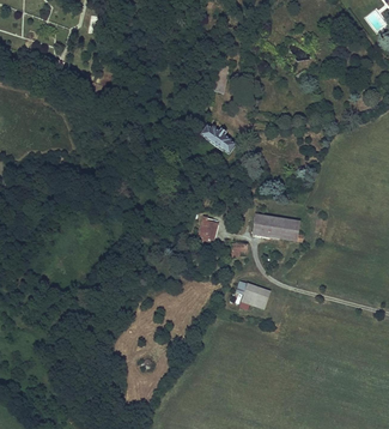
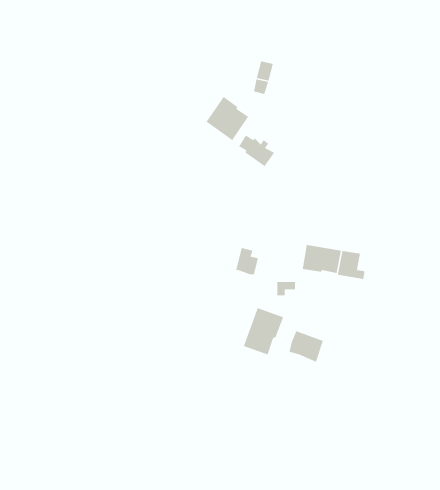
building: none -> [205,96,249,141]
building: none -> [243,307,284,355]

